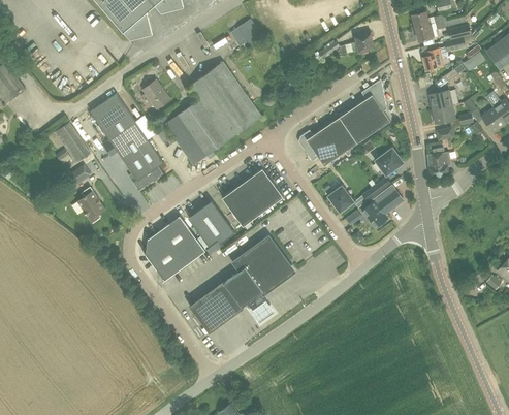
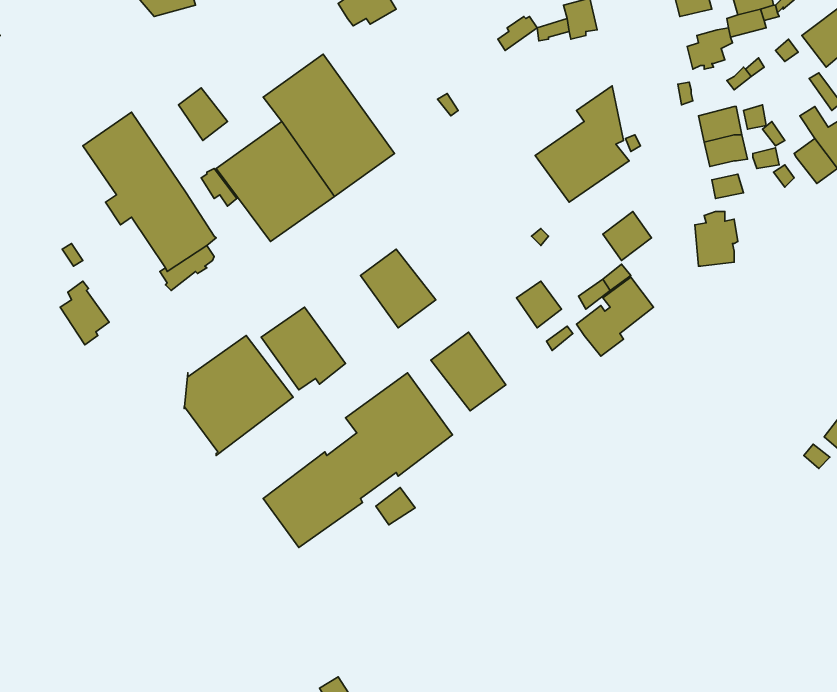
building: [298,117,357,165] -> none
building: [55,122,90,163] -> none
building: [222,183,263,226] -> [431,332,506,411]

